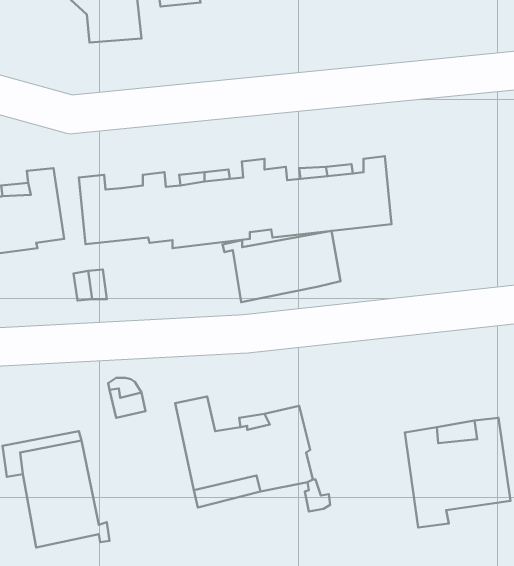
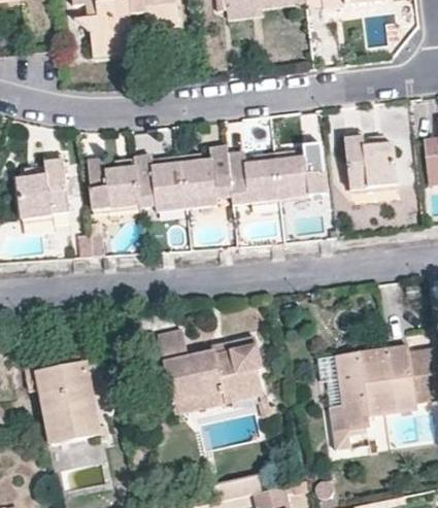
building: none -> [343,133,396,190]
building: [223,231,341,302] -> none

